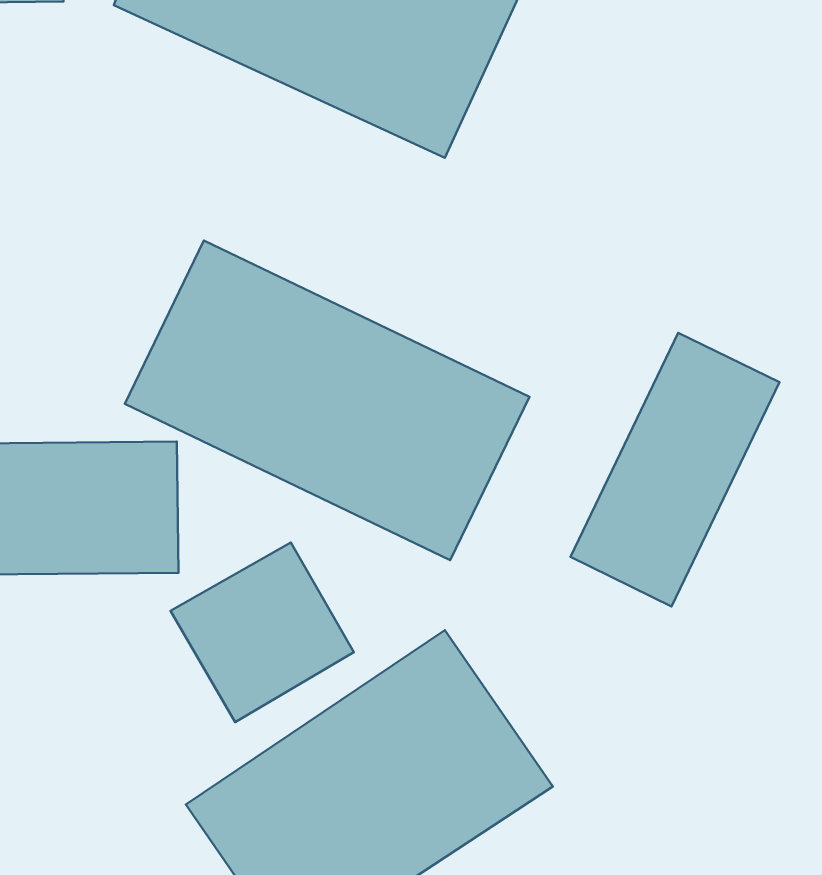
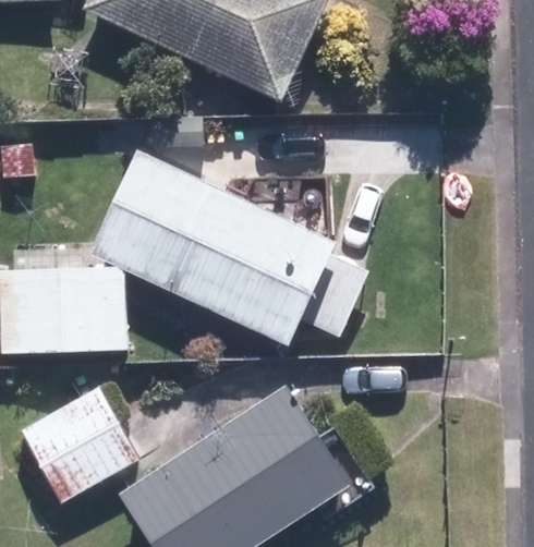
building: [570,333,779,606] -> none
building: [170,543,354,722] -> [21,391,132,500]

